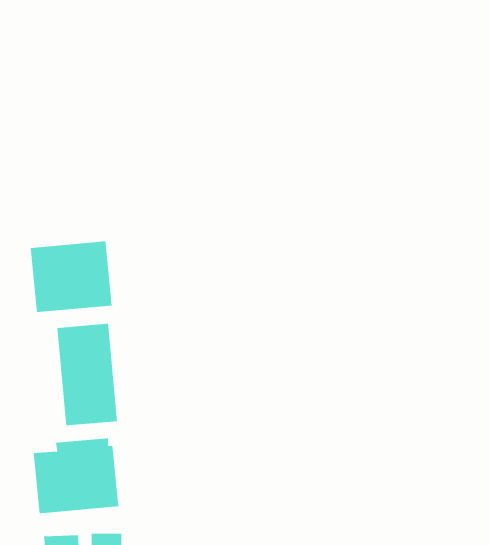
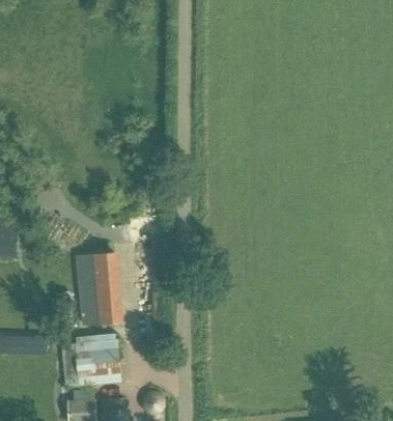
building: [30,241,112,313] -> none

